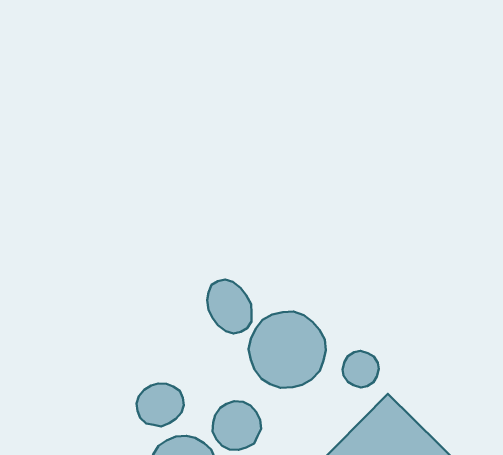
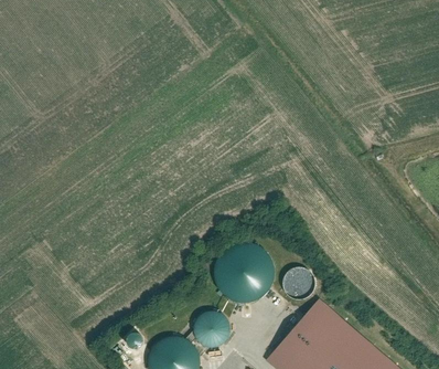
building: [207,280,251,333] -> none
building: [136,383,184,426] -> none

